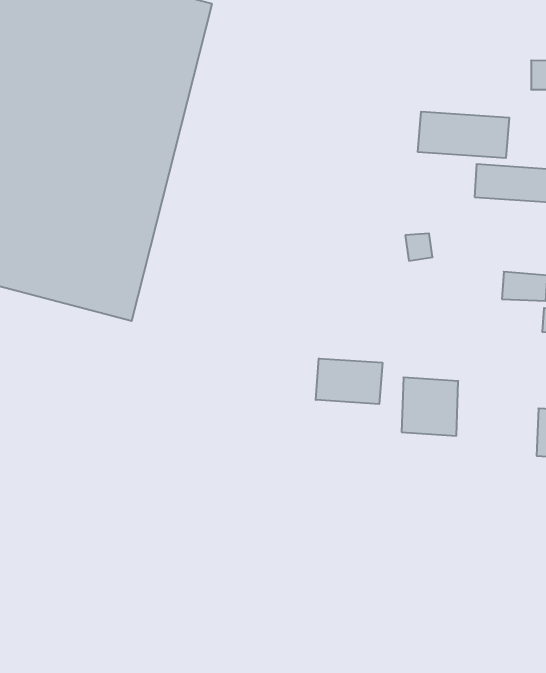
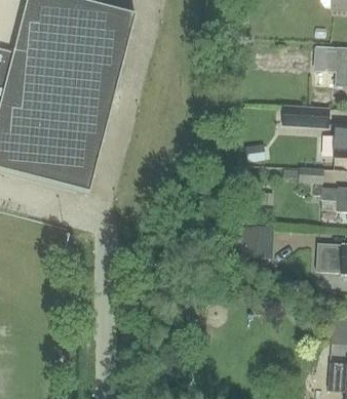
building: [418,112,509,158] -> none
building: [316,358,382,404] -> none

